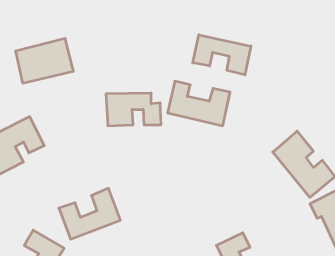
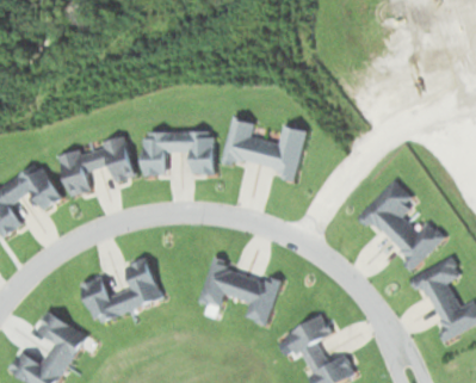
building: [193,35,251,75] -> none
building: [15,39,73,83] -> [60,137,136,196]
building: none -> [198,261,279,325]

